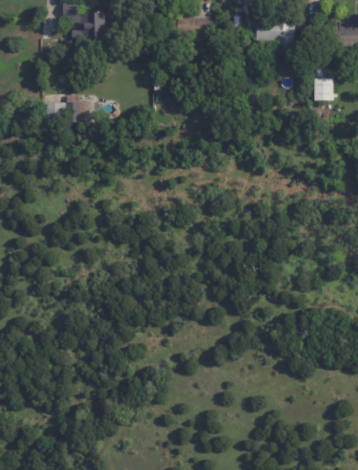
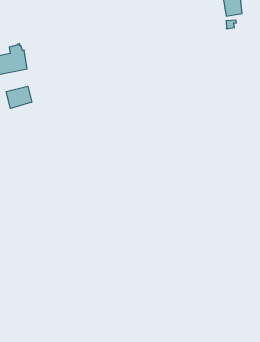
building: none -> [6,86,32,108]

